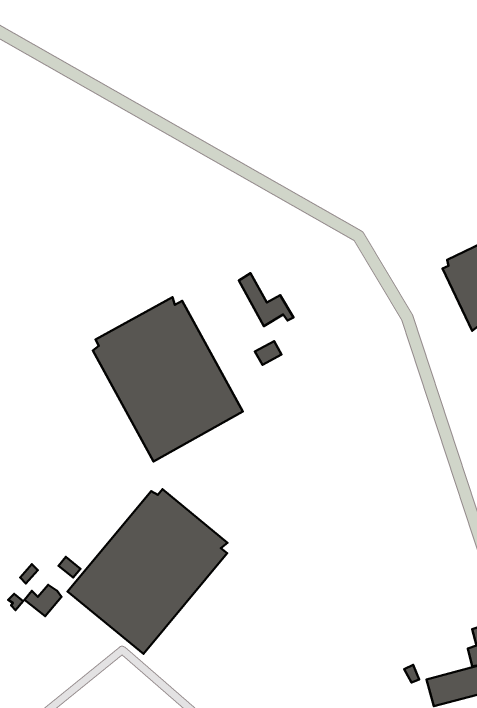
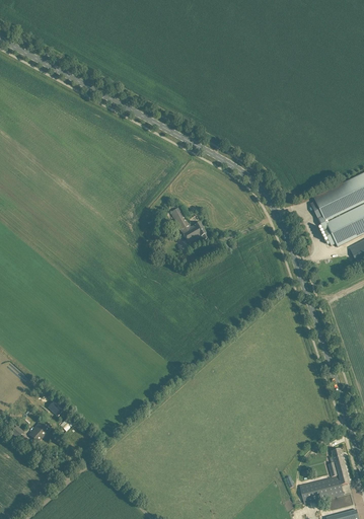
building: [93,297,243,461] -> none
building: [68,489,227,654] -> none

